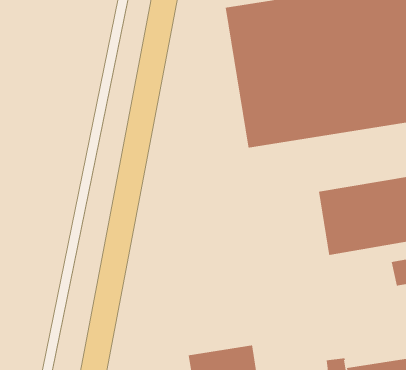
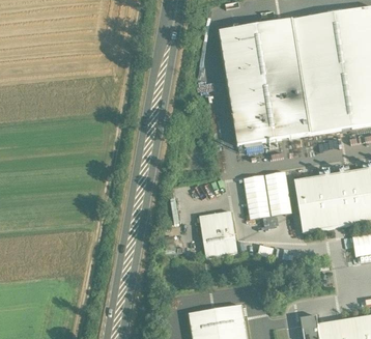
building: none -> [244,172,292,221]
building: none -> [199,210,237,257]

